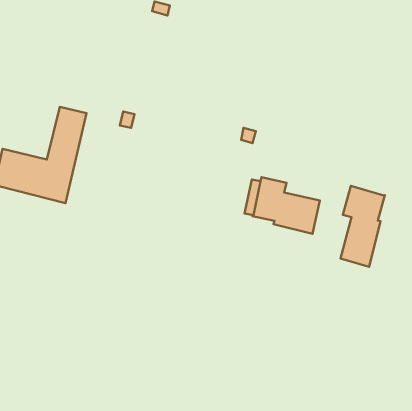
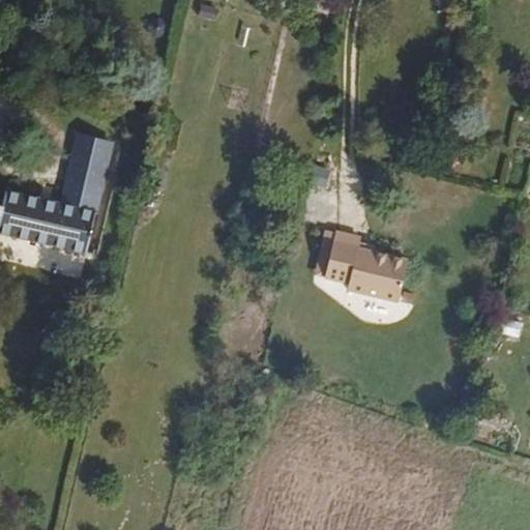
building: [340,186,385,267] -> none

